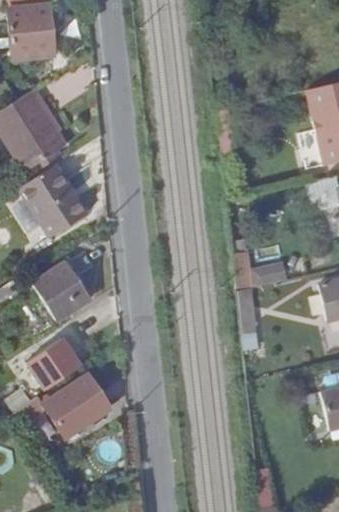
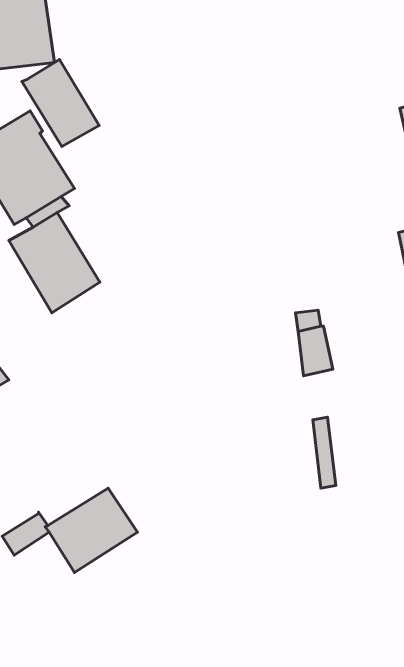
building: none -> [22,60,99,147]
building: [31,264,94,326] -> none
building: [29,338,84,389] -> none

